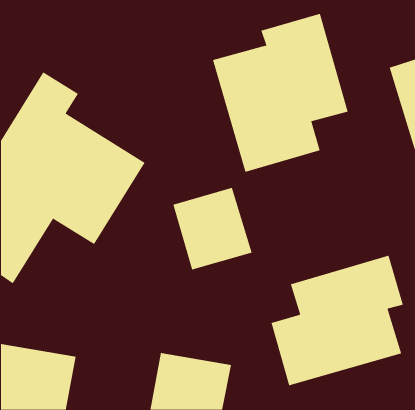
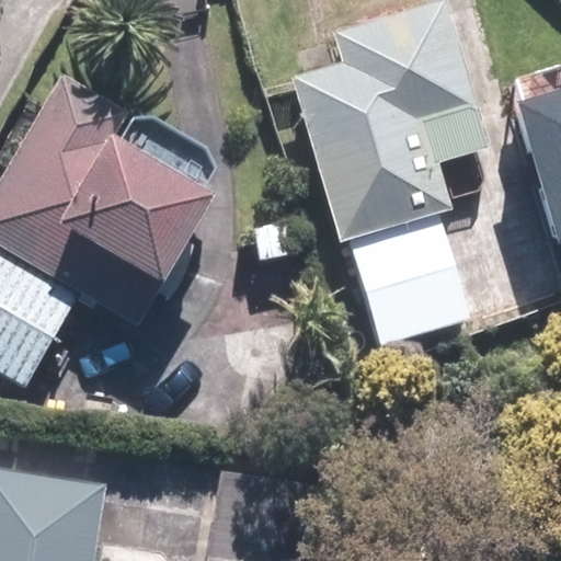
building: [173,187,252,270] -> [356,225,462,335]
building: [271,255,403,386] -> none

